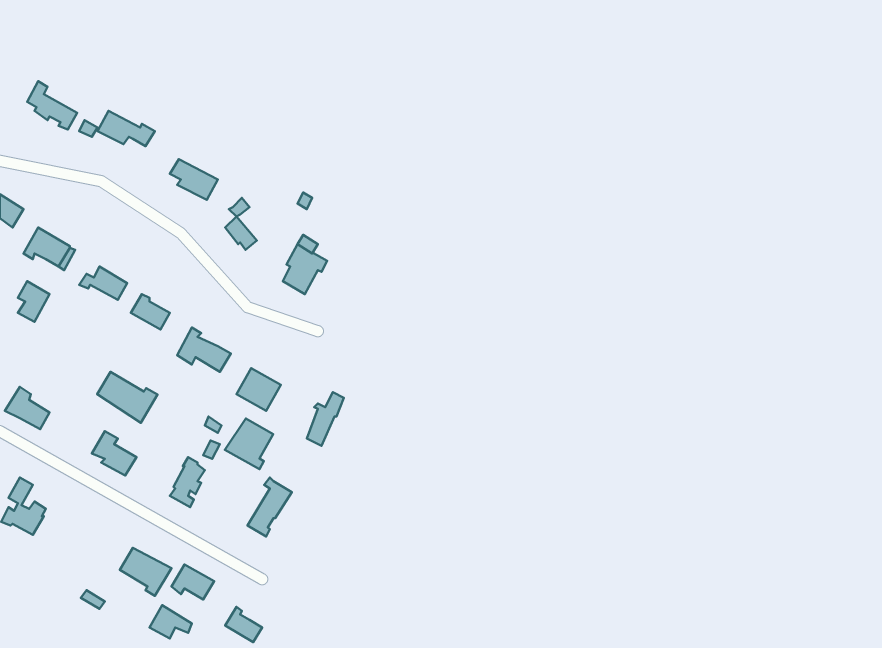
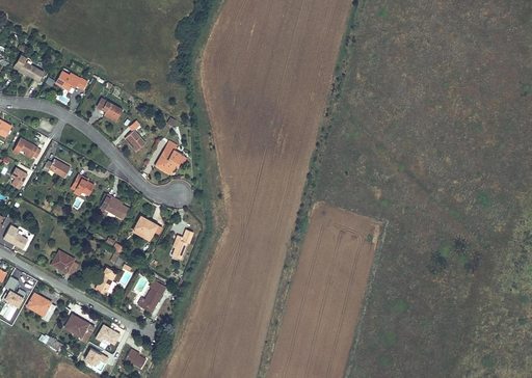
building: [97,372,157,423] -> none
building: [225,418,273,469] -> none
building: none -> [27,293,56,321]

